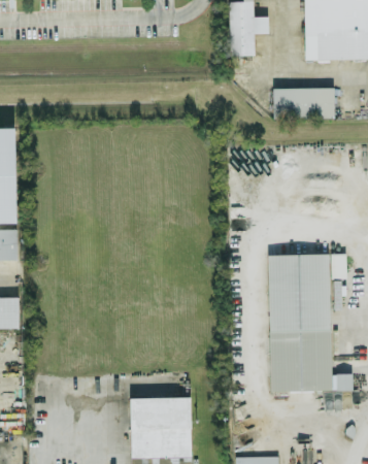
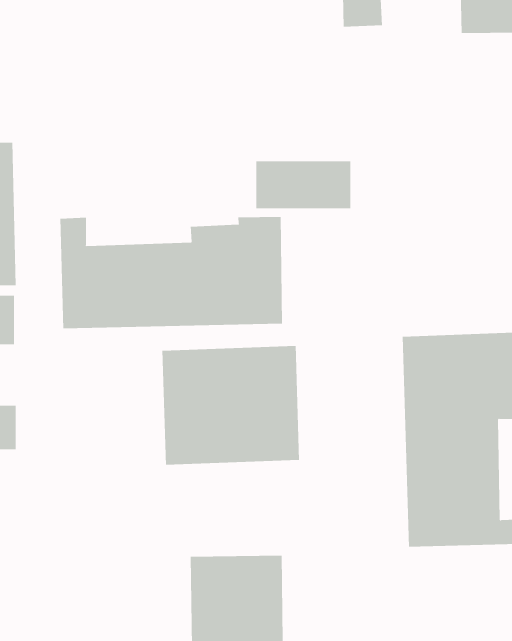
building: [272,88,334,119] -> [255,161,351,209]
building: none -> [60,216,282,329]
building: none -> [162,345,300,466]

